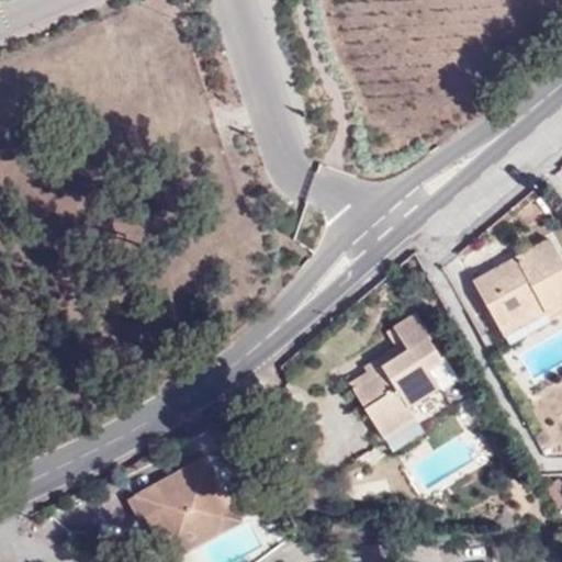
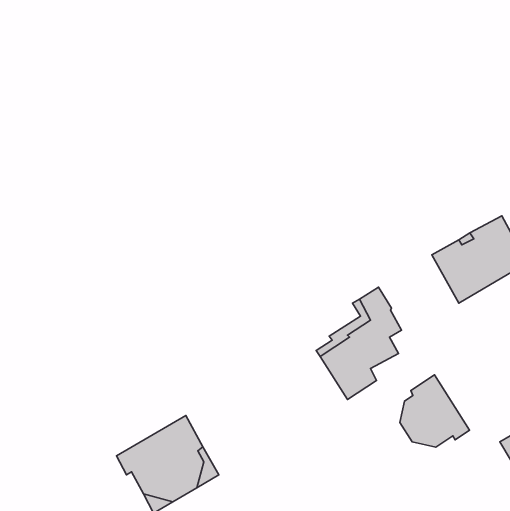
building: none -> [400,375,469,447]

